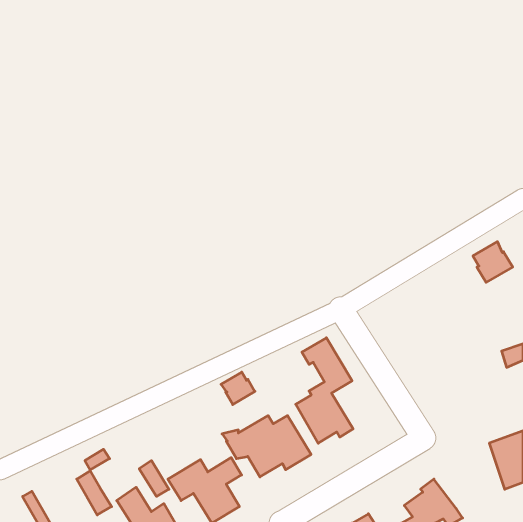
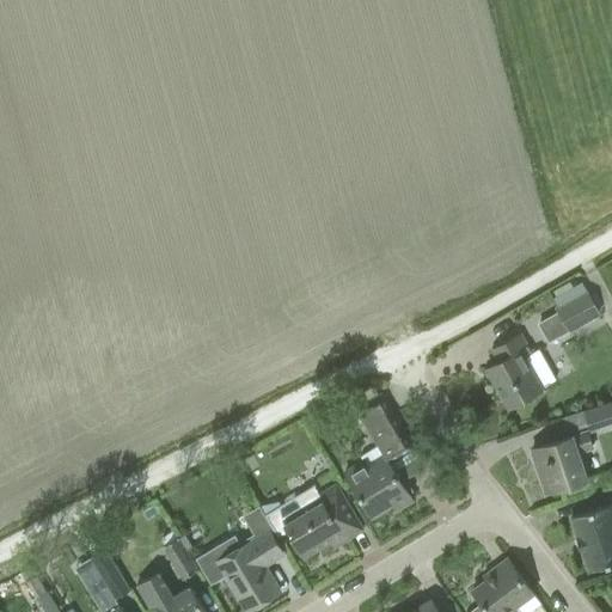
building: none -> [486,335,556,410]
building: none -> [532,433,592,495]
building: [221,372,255,405] -> none

